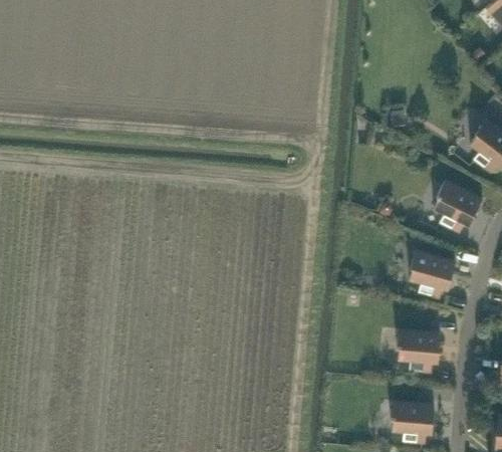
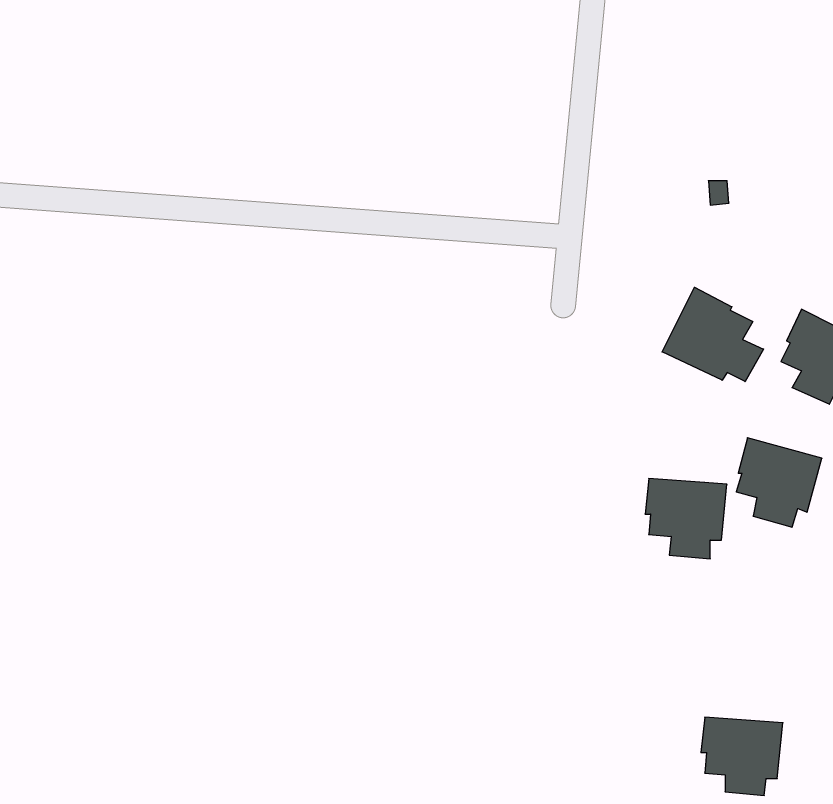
building: none -> [662,287,764,382]
building: [398,328,442,372] -> [645,479,727,559]

